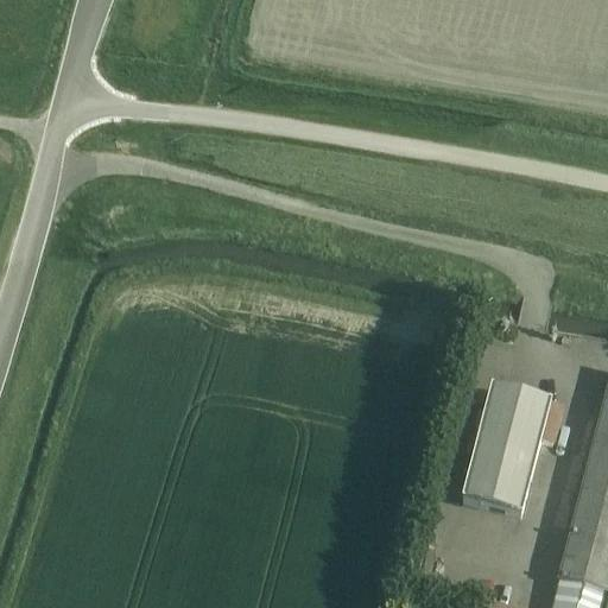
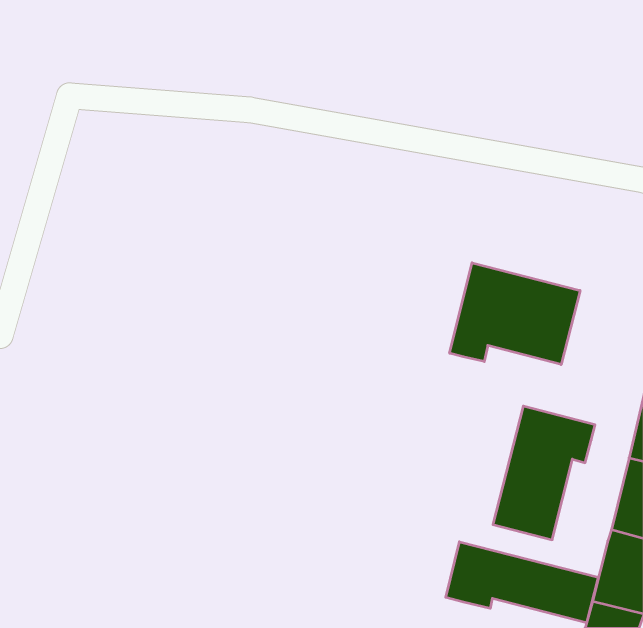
building: none -> [450,263,580,365]
building: none -> [446,542,598,623]

